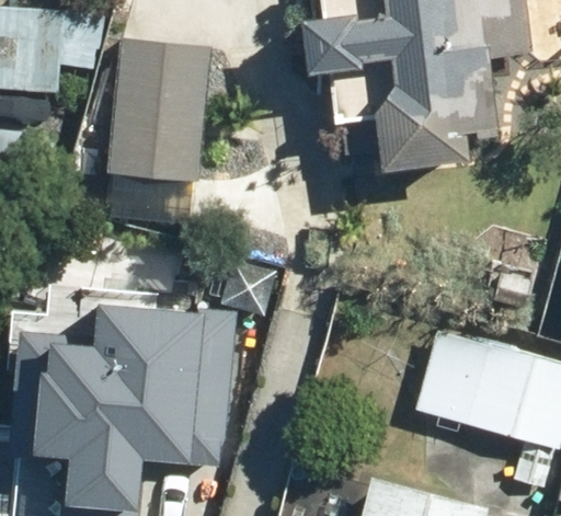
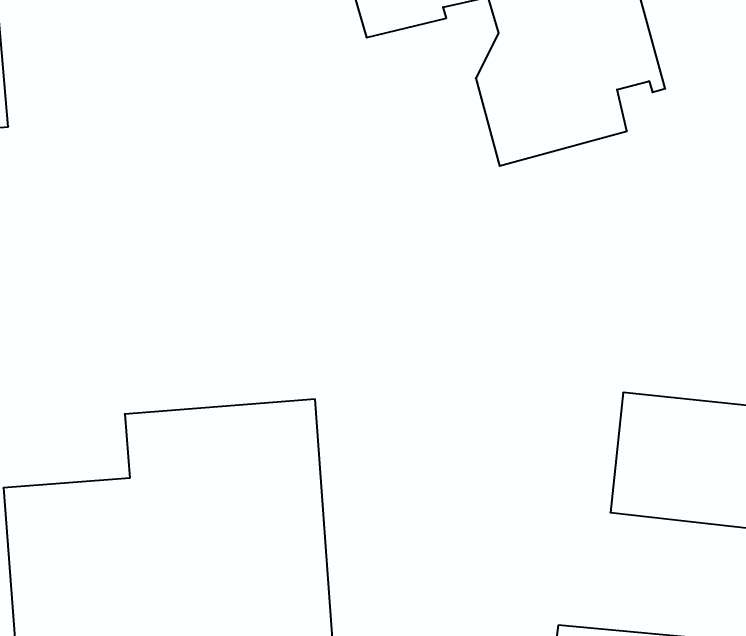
building: [108,39,214,182] -> none

